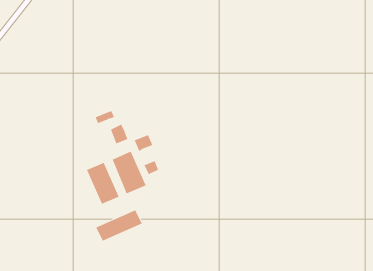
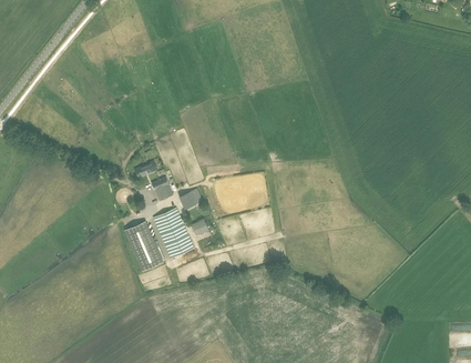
building: [96,209,142,242] -> none

